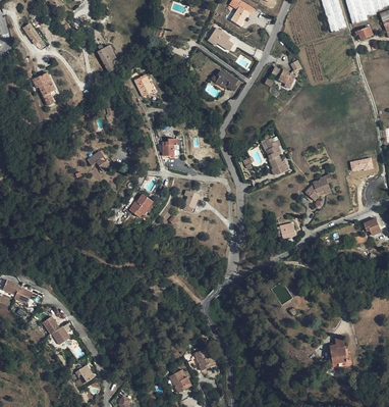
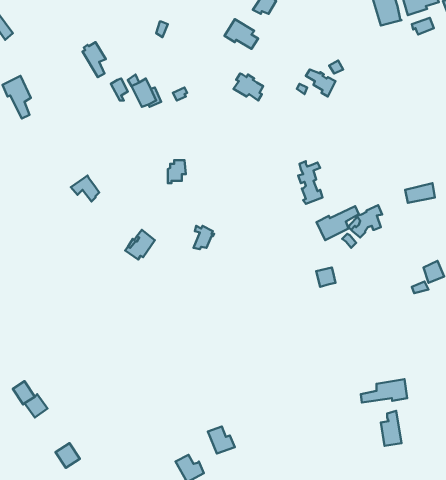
building: none -> [317,206,359,240]
building: none -> [361,379,407,402]

